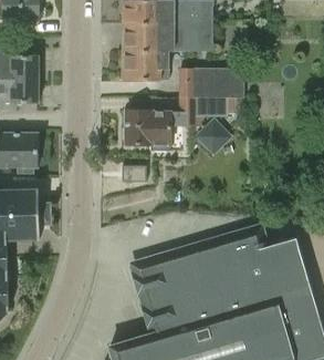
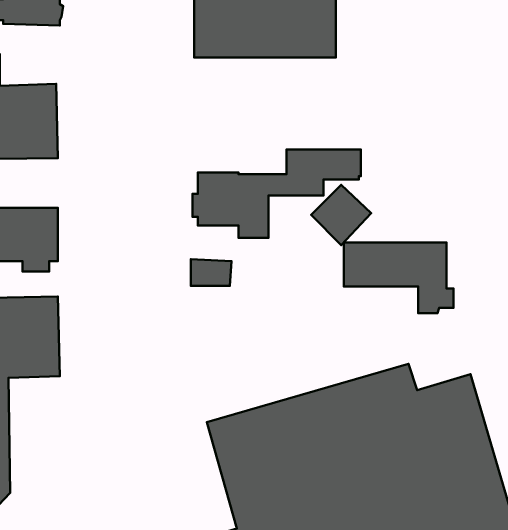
building: [123,39,211,79] -> none
building: [180,69,249,113] -> [344,242,453,313]

